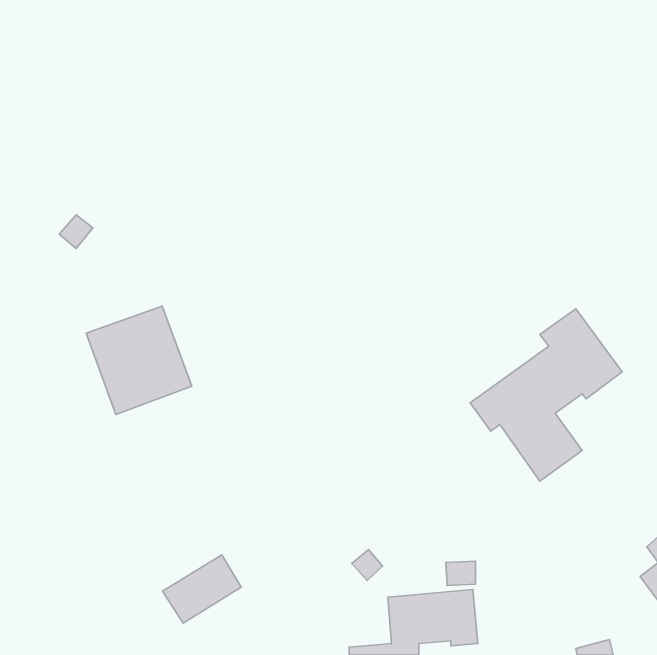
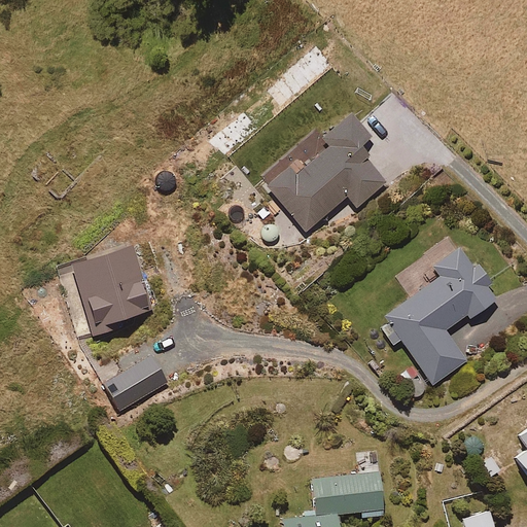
building: none -> [268,113,387,231]
building: [162,555,241,623] -> [103,357,166,412]

